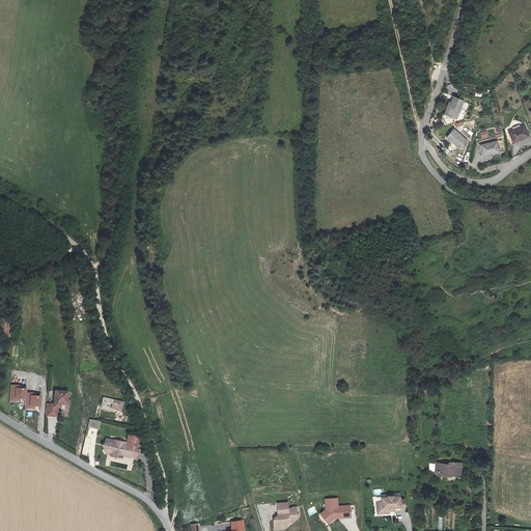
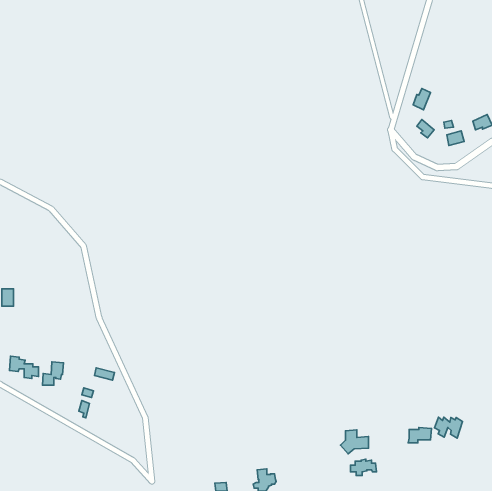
building: [102,438,136,456] -> none
building: none -> [434,417,463,438]
building: [320,497,351,523] -> [341,430,369,454]

